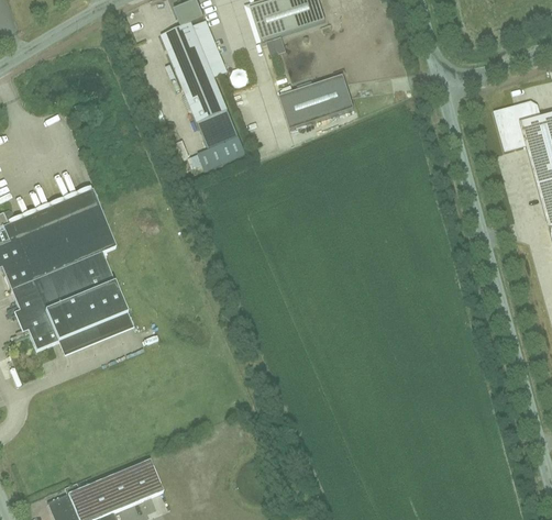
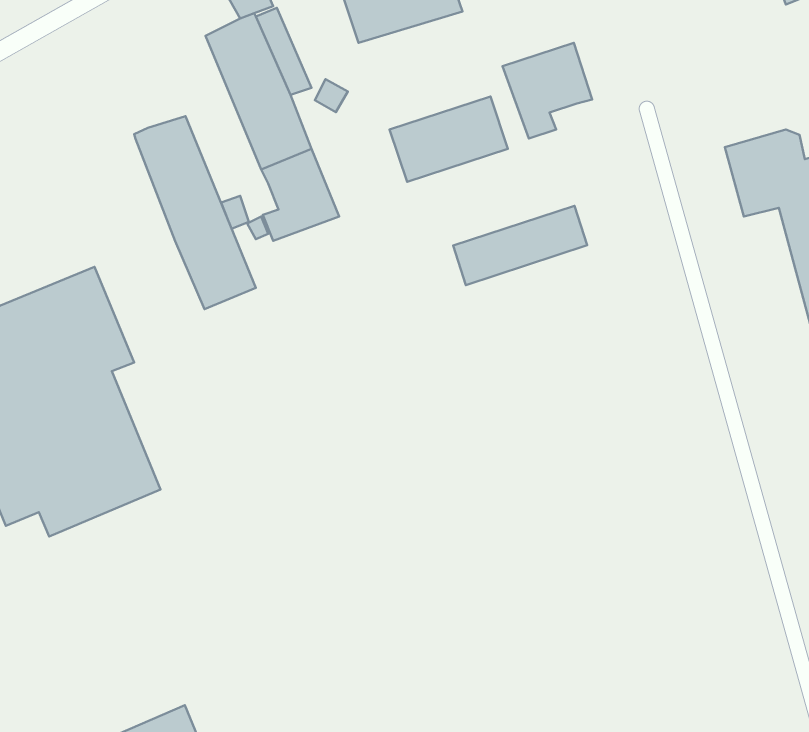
building: none -> [503,43,592,139]
building: none -> [134,116,256,309]
building: none -> [453,206,587,285]

